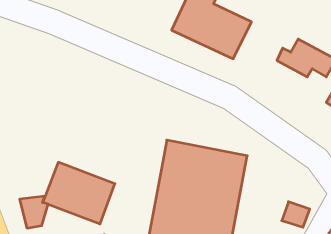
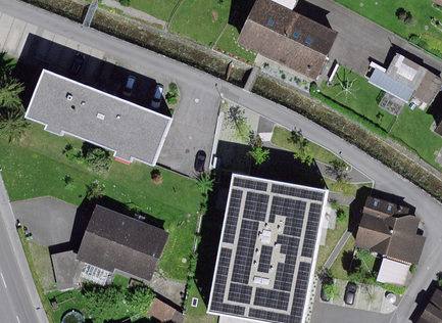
building: none -> [30,71,171,161]
building: none -> [353,197,426,264]

